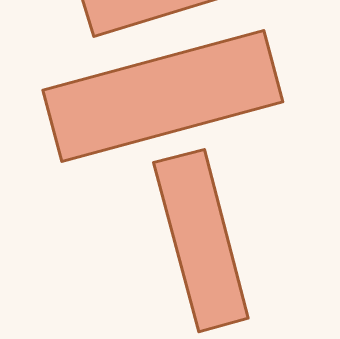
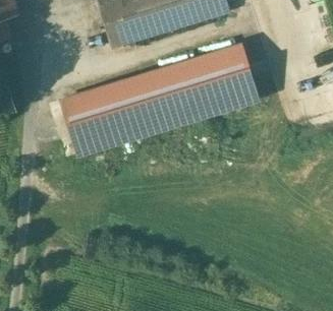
building: [153,150,248,332] -> none

